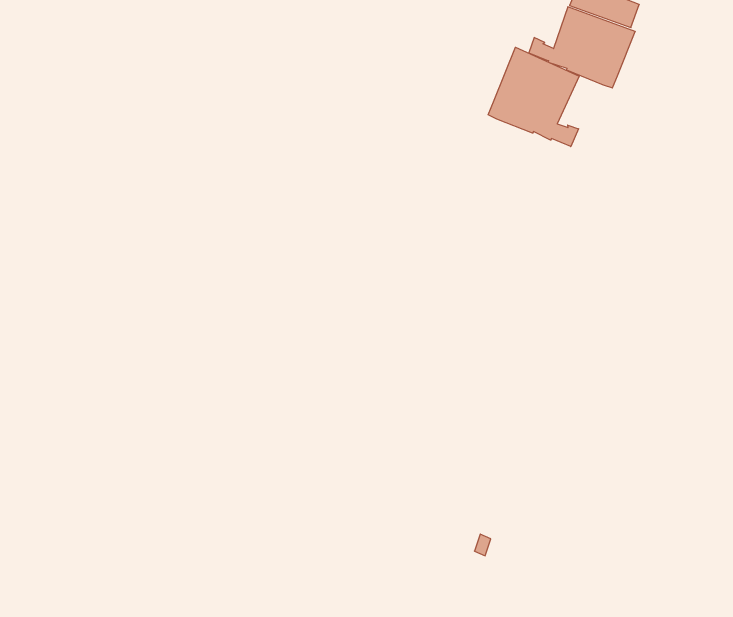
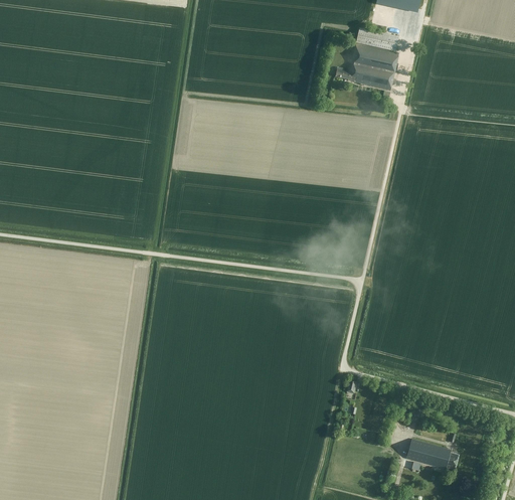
building: [488,47,579,147] -> none

